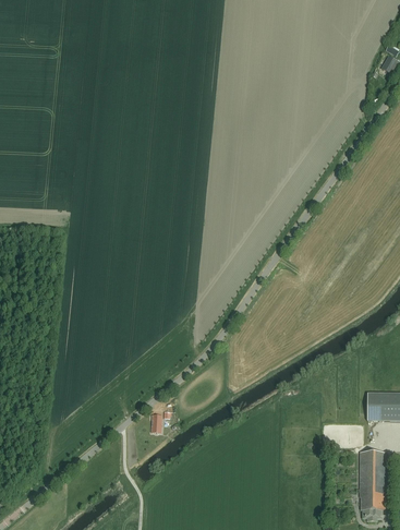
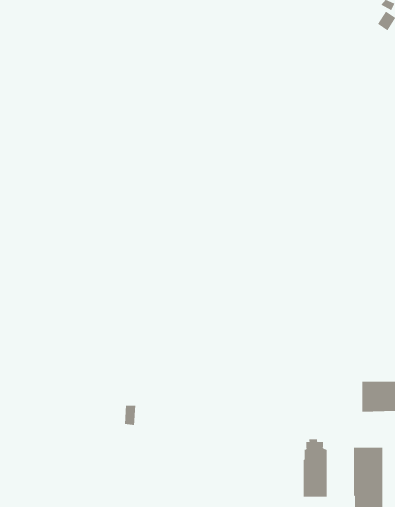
building: none -> [303,438,327,498]

